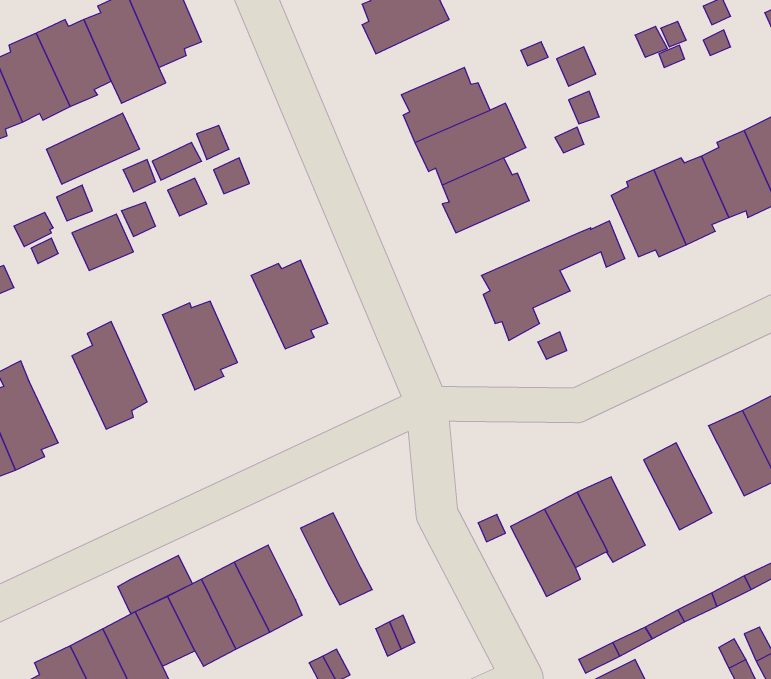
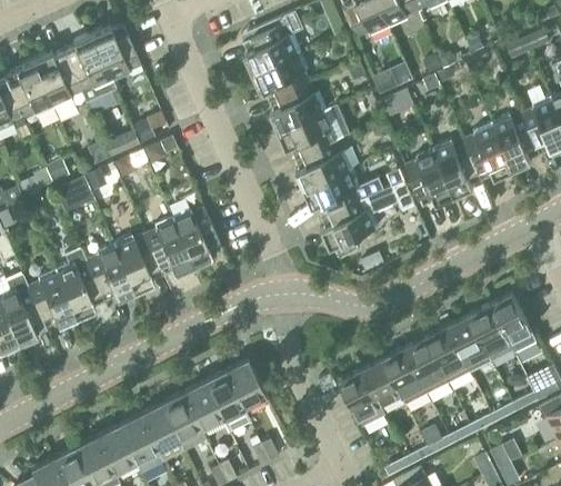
building: none -> [252,50,310,99]
building: [47,113,139,184] -> none
building: none -> [304,168,384,217]
building: none -> [144,217,193,274]
building: none -> [86,242,134,299]
building: none -> [27,269,77,326]
building: none -> [448,315,492,371]
building: none -> [405,337,450,393]
building: none -> [224,359,266,407]
building: none -> [182,381,221,428]
building: [118,555,192,614] -> none

